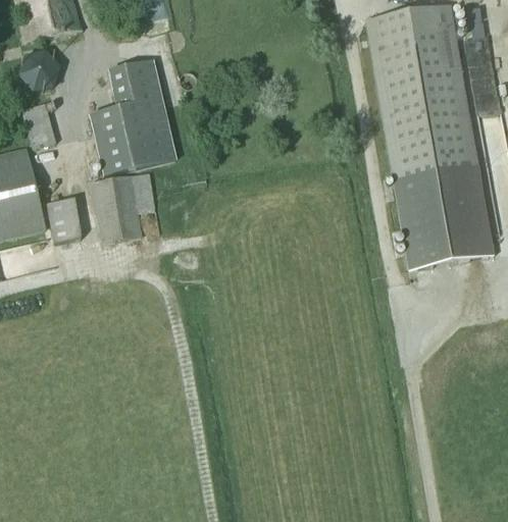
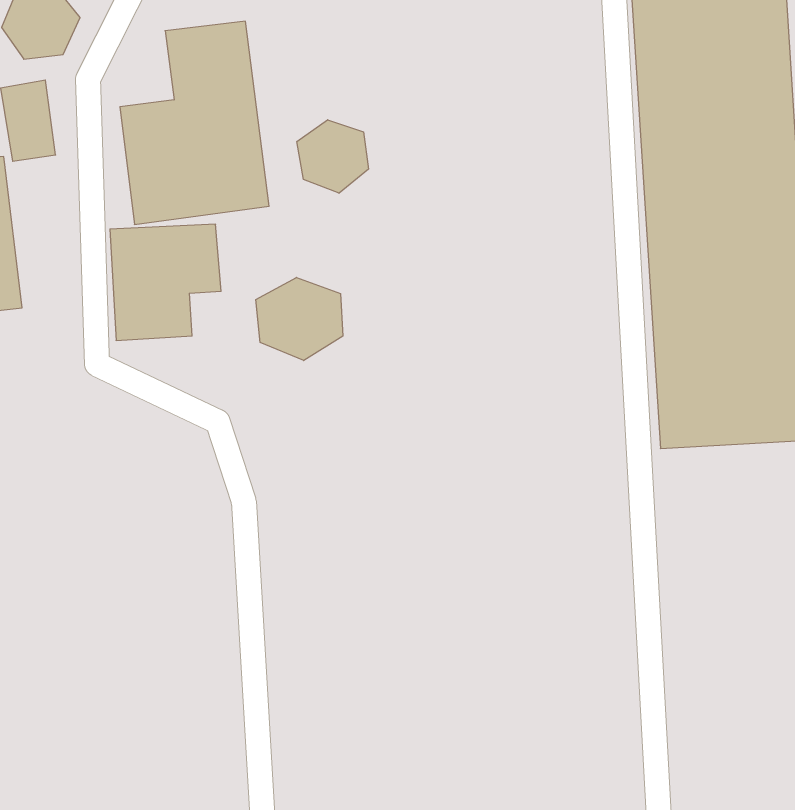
building: none -> [297,120,368,193]
building: none -> [256,277,343,361]
building: [47,196,82,241] -> none

